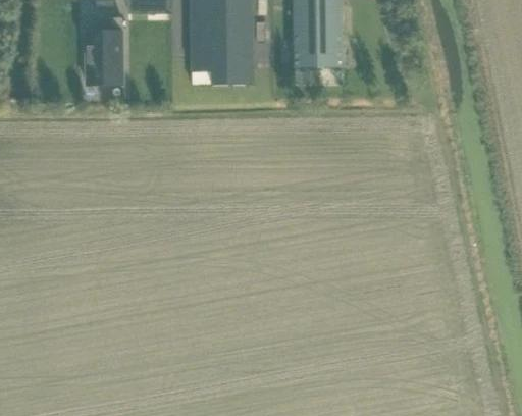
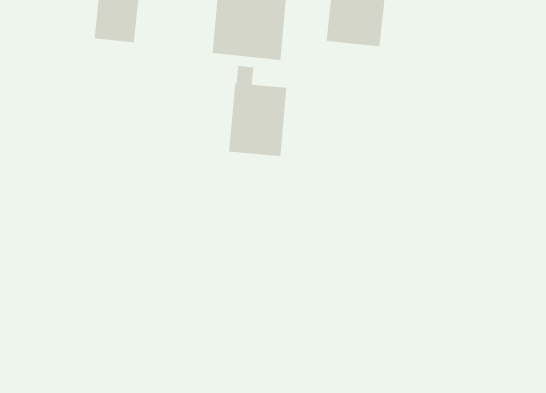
building: none -> [229,65,287,157]

